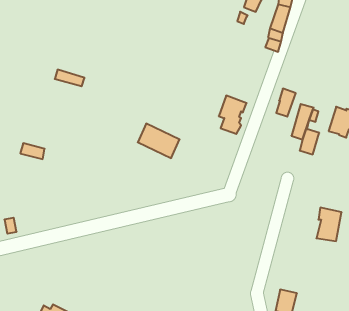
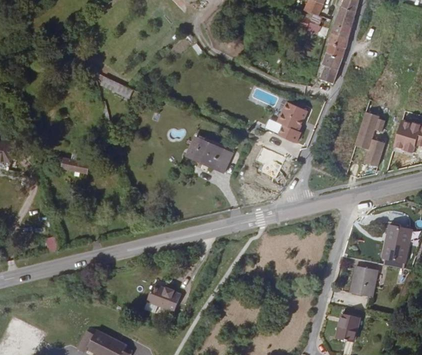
building: [276,89,296,117] -> [320,53,341,83]
building: none -> [349,266,377,297]
building: none -> [145,282,182,312]

